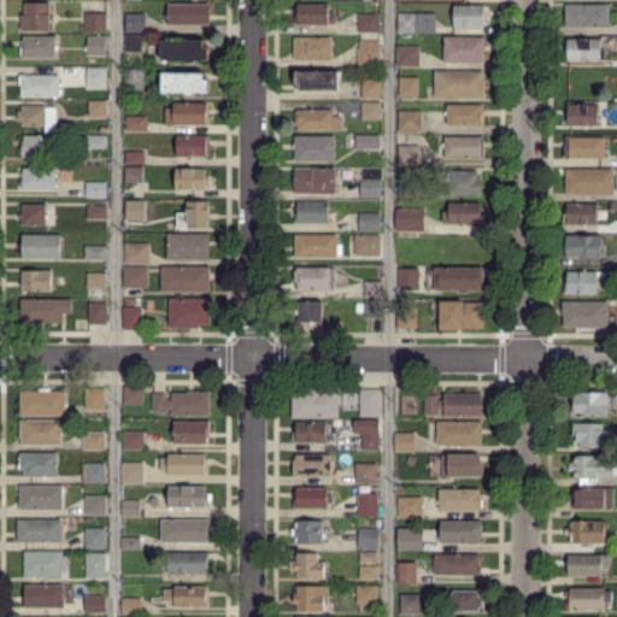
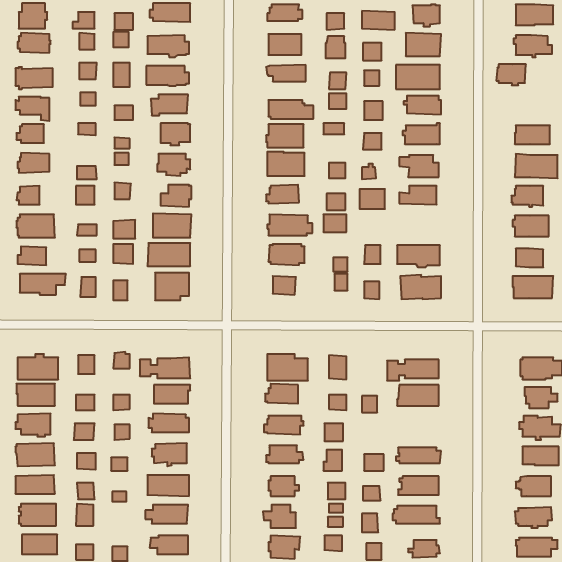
building: [564,105,597,128] -> [496,64,526,85]
building: [443,453,481,476] -> none

